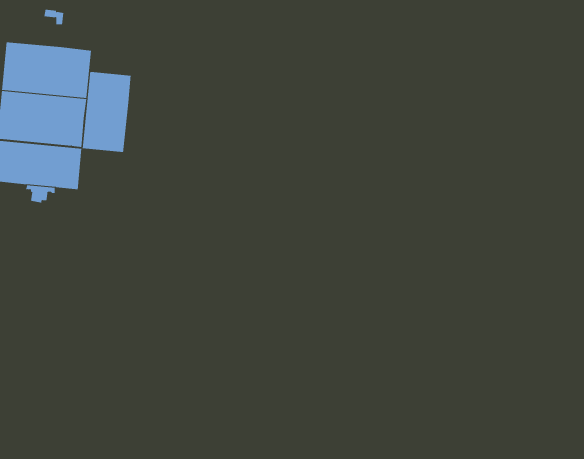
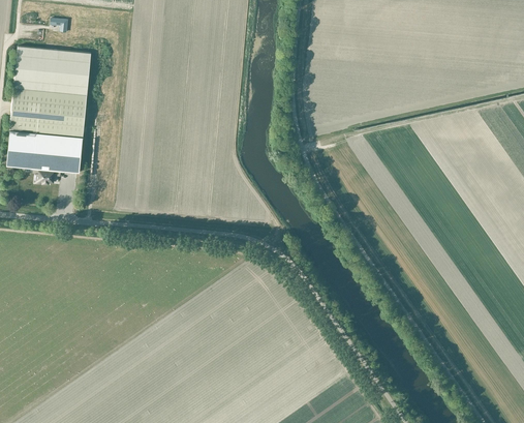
building: [82,71,131,153] -> none

